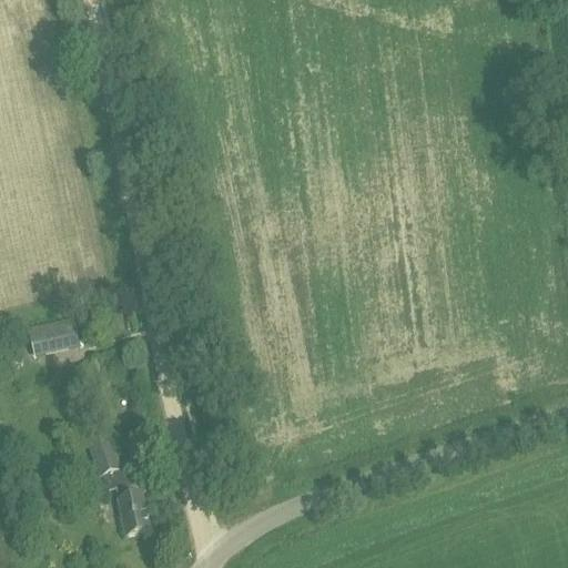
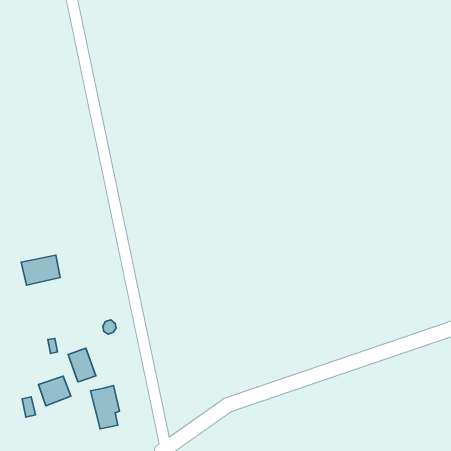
building: none -> [38,376,71,406]

